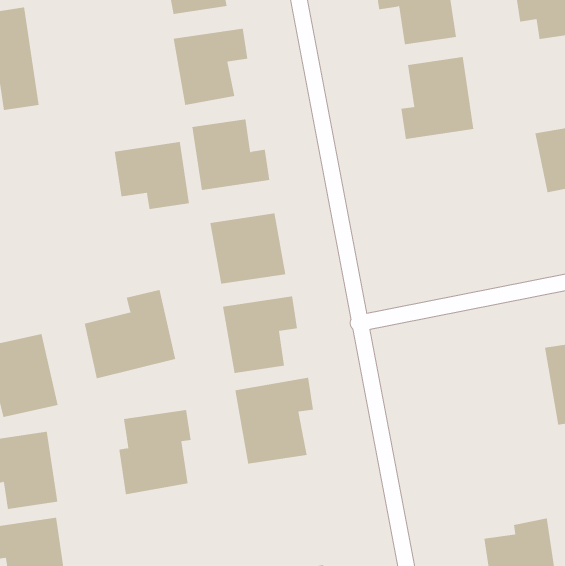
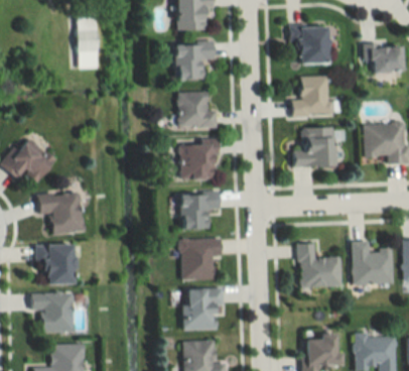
building: [114,141,190,210] -> none
building: none -> [294,128,335,166]
building: [84,289,176,379] -> none
building: none -> [298,242,342,286]
building: [118,409,191,495] -> [182,288,223,330]

